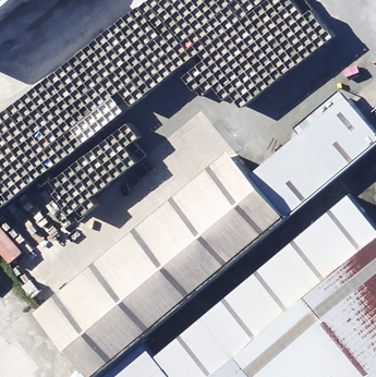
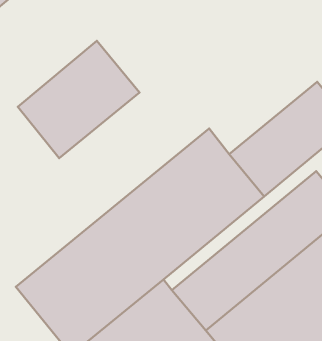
building: none -> [18,41,139,158]

